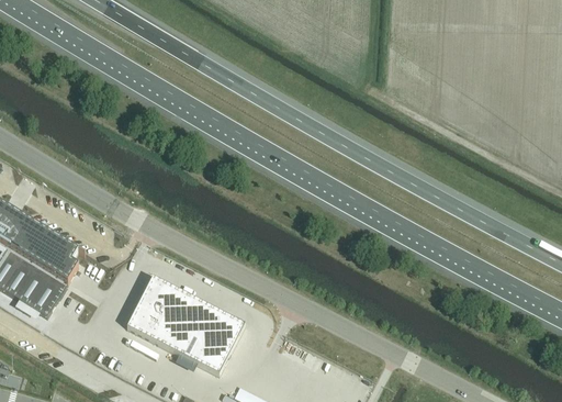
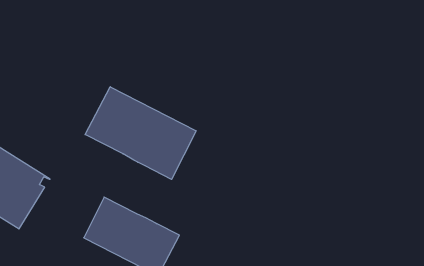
building: none -> [85,87,196,179]

